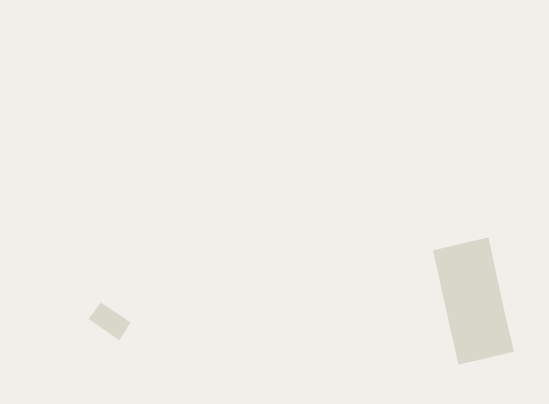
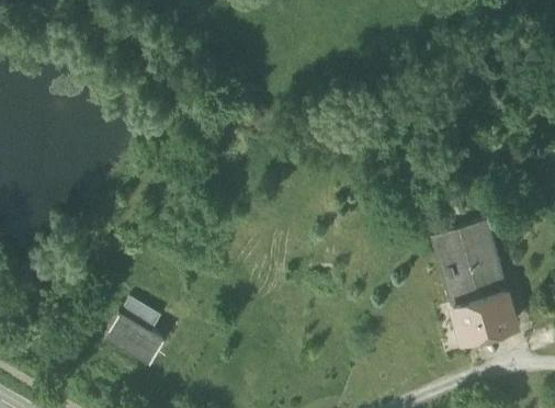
building: none -> [106,317,166,367]

